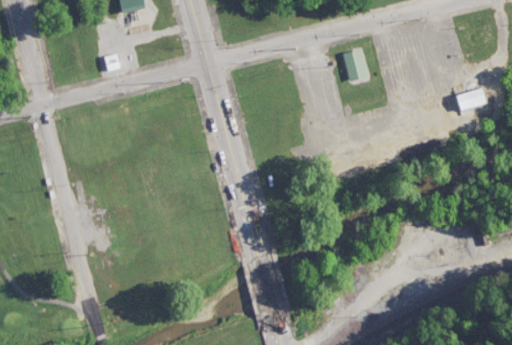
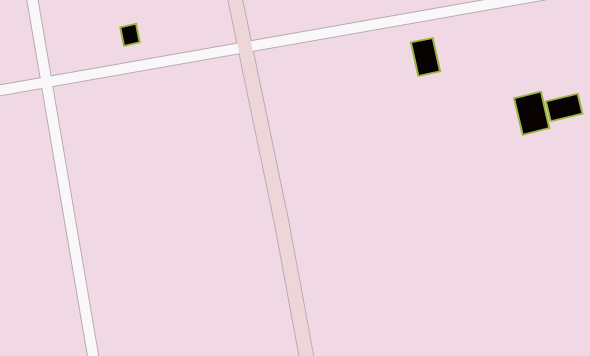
building: none -> [514,92,549,135]

